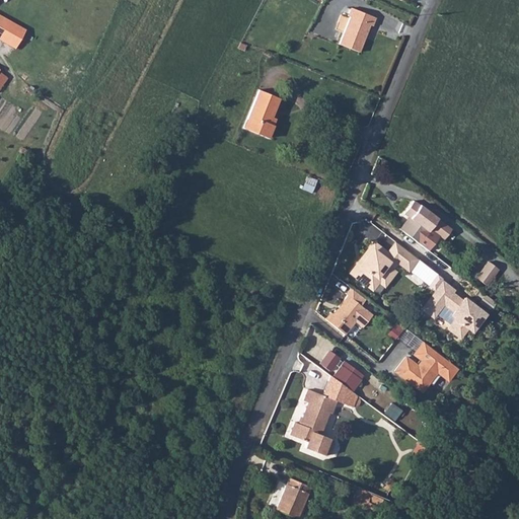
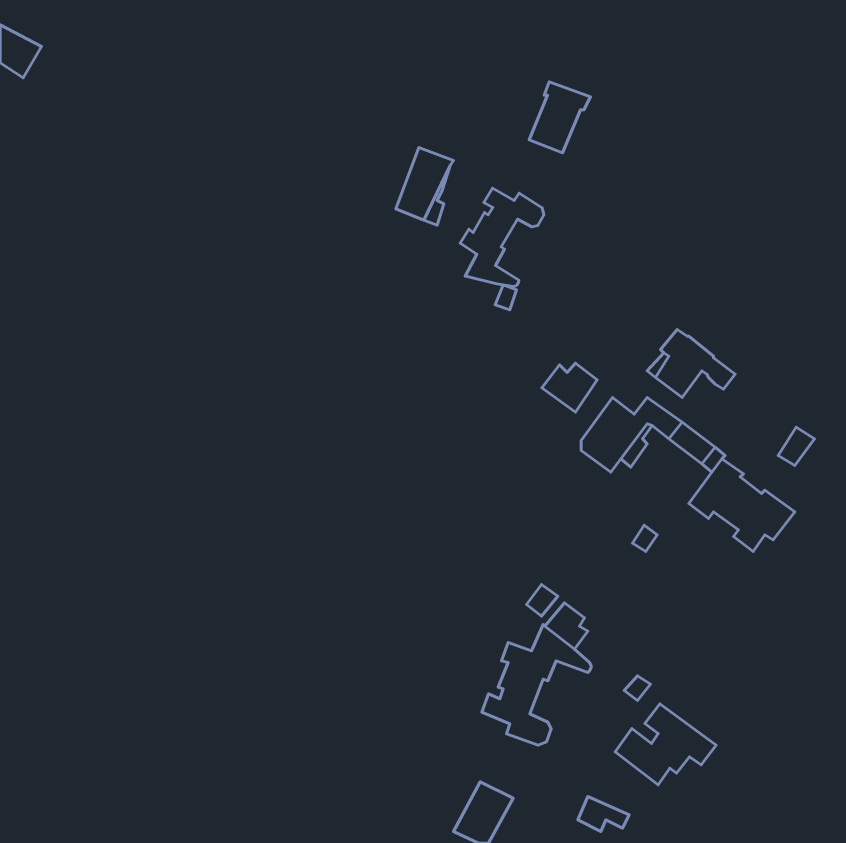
building: [339,6,376,50] -> [529,82,591,153]
building: none -> [460,188,544,287]
building: none -> [542,363,597,412]
building: [326,296,366,335] -> none
building: [397,343,459,392] -> [615,704,716,785]

